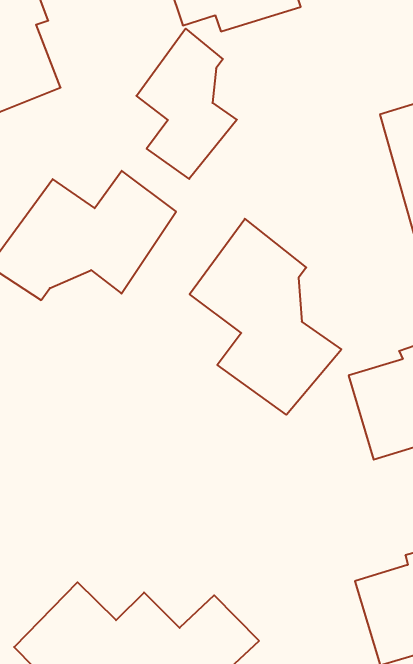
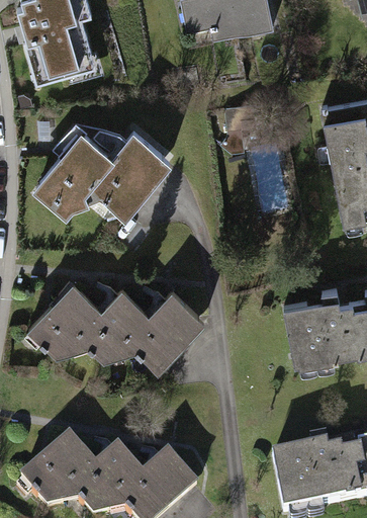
building: [136,29,237,179] -> none
building: [190,219,341,415] -> none
building: none -> [29,280,207,370]

